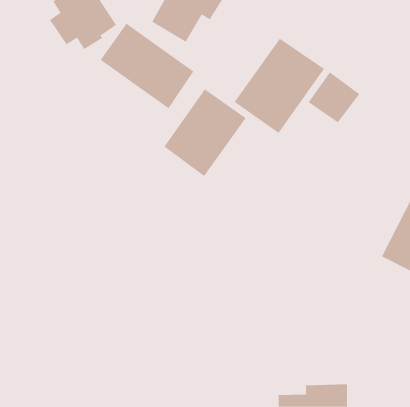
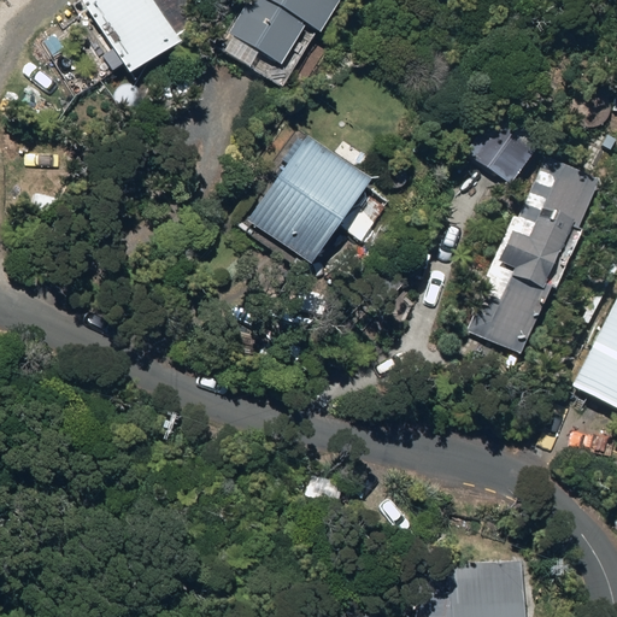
building: [100,23,194,109] -> none
building: [234,38,325,134] -> none
building: none -> [471,158,601,352]

